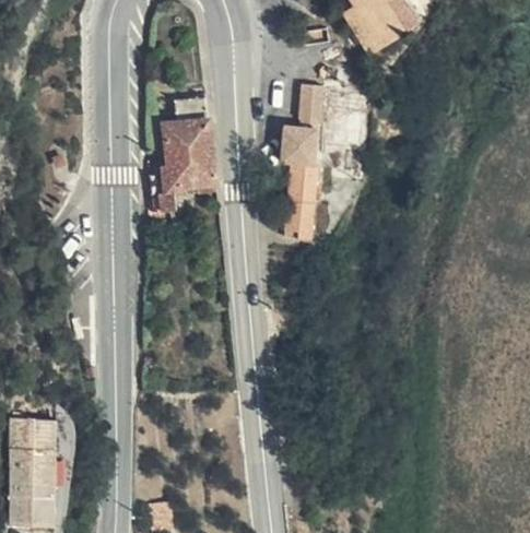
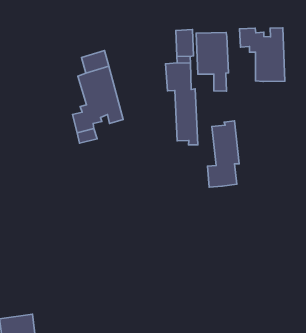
building: none -> [239,28,285,81]
building: none -> [208,121,239,187]

